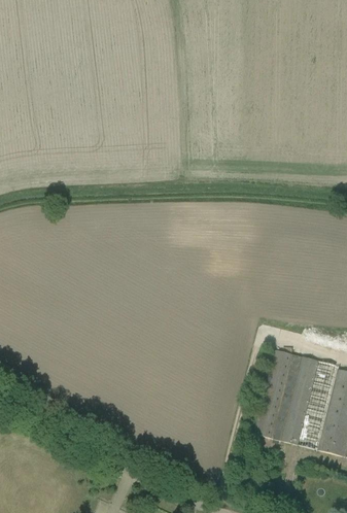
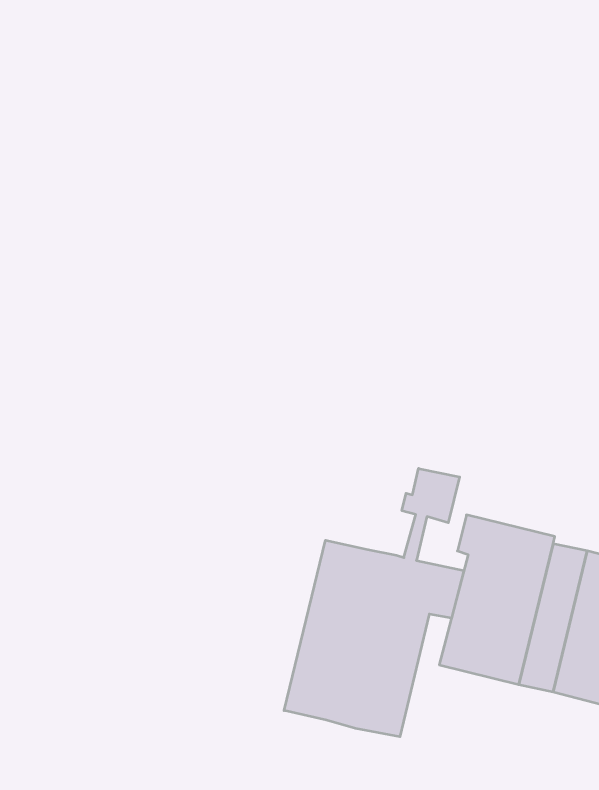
building: none -> [284,468,464,737]

